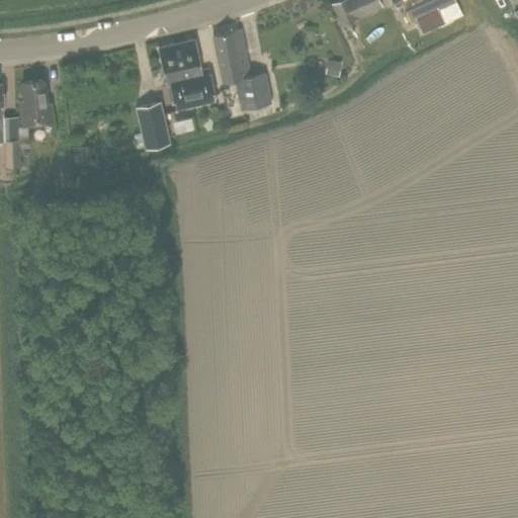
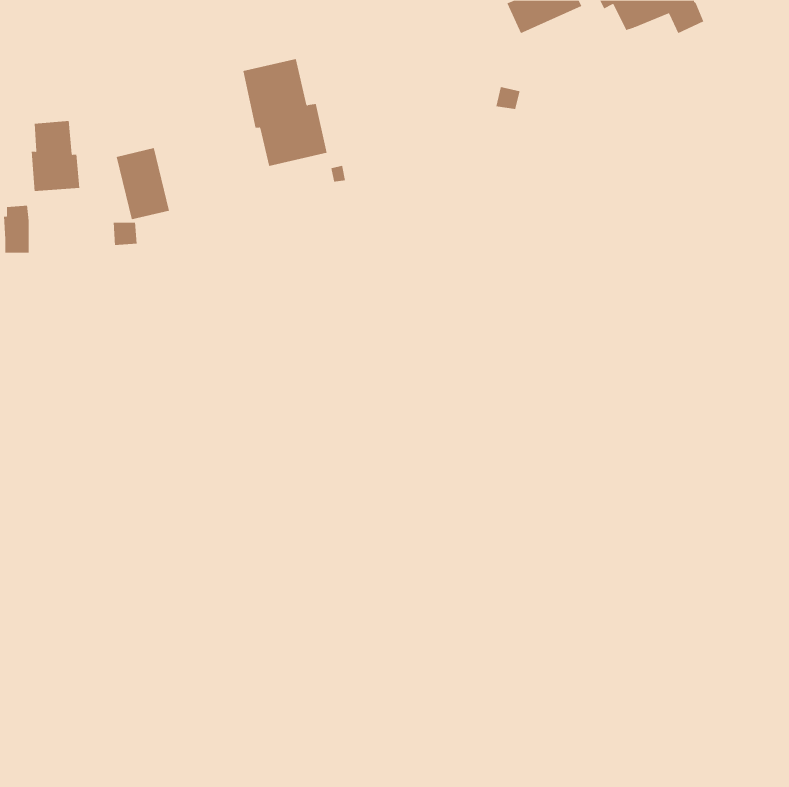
building: [212,28,270,109] -> none
building: [135,101,170,149] -> [116,147,170,220]

